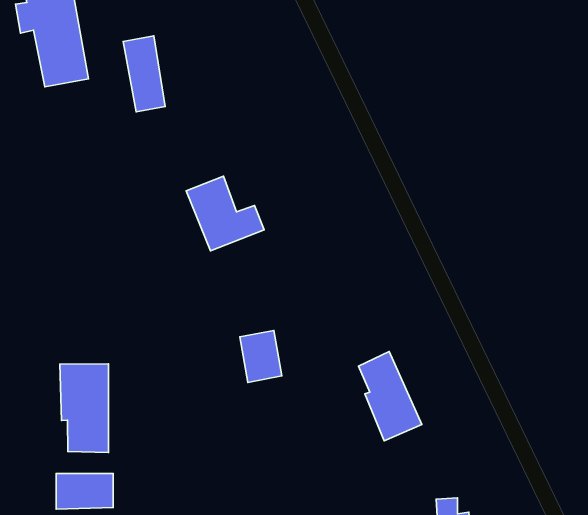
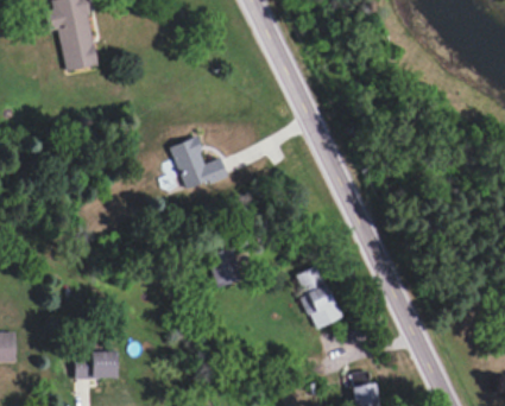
building: [123,36,165,112] -> none
building: [60,364,108,452] -> none

